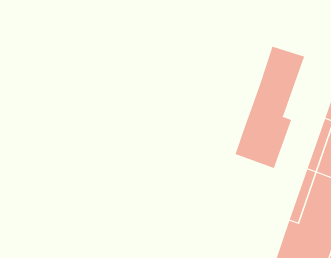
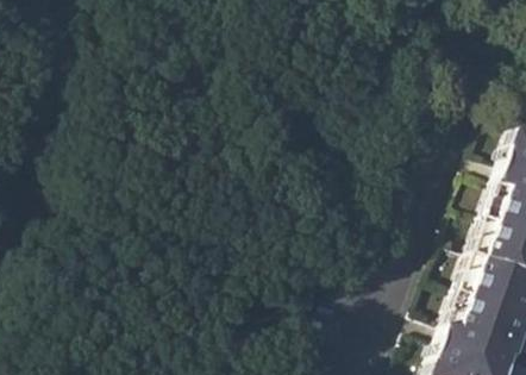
building: [235,46,305,169] -> none

